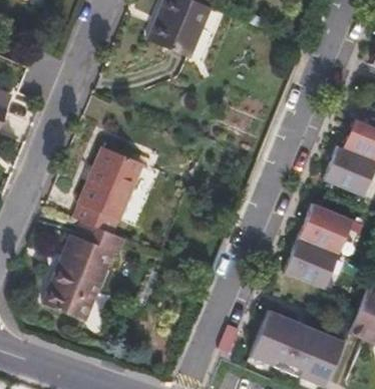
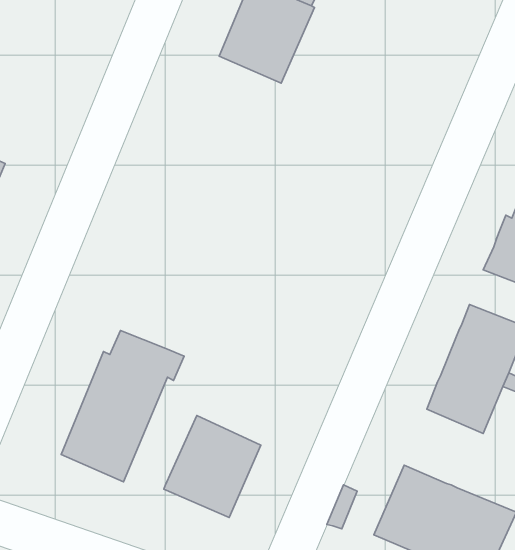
building: [72,145,142,233] -> none
building: none -> [164,415,261,518]

